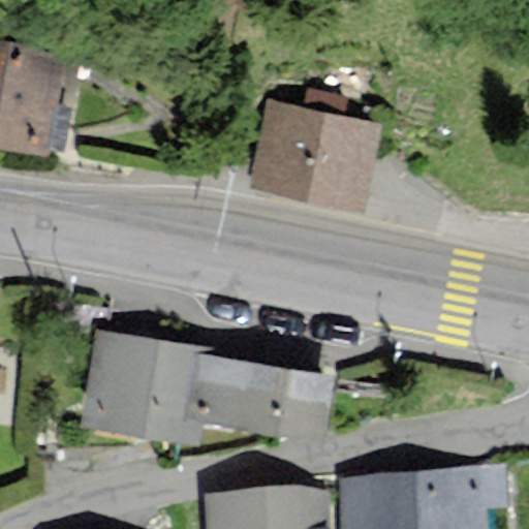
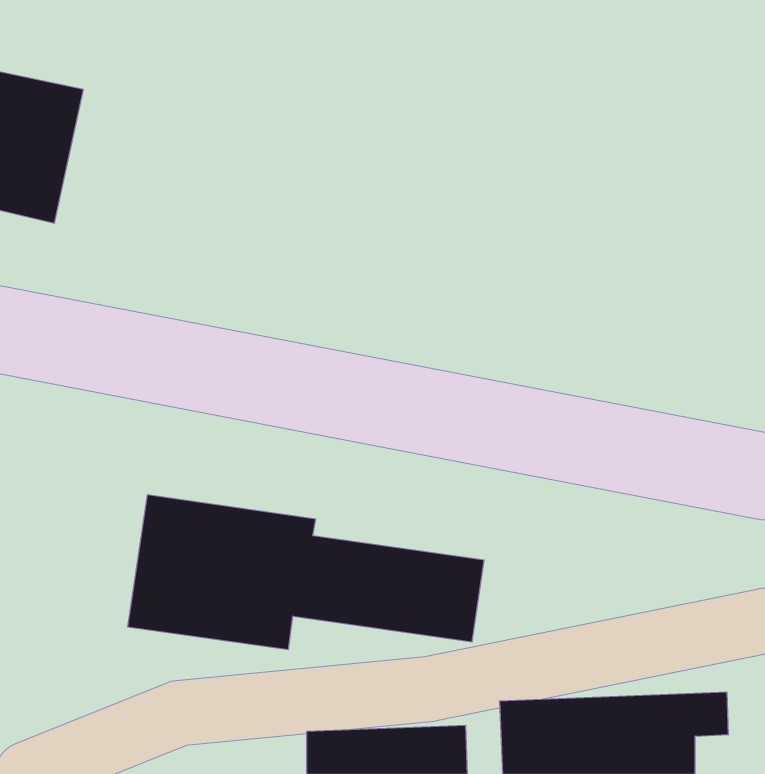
building: [251,104,371,206] -> none

